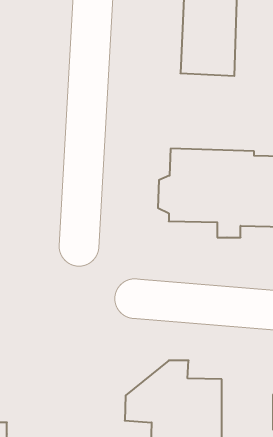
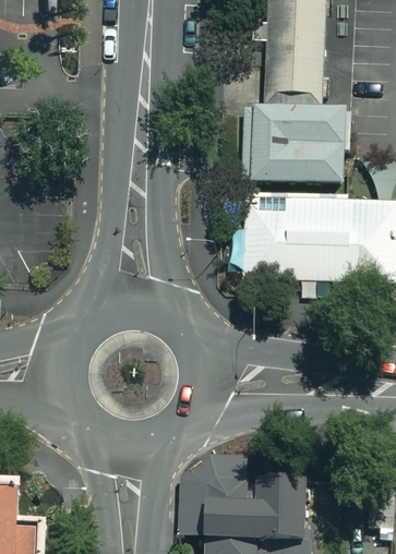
building: none -> [236,99,345,185]

